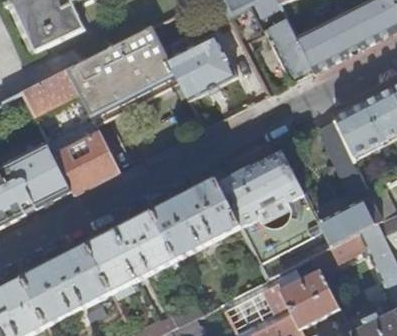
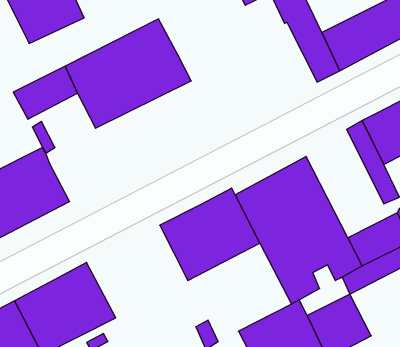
building: [168,33,237,99] -> none
building: [54,131,120,193] -> none
building: [87,209,178,292] -> none

